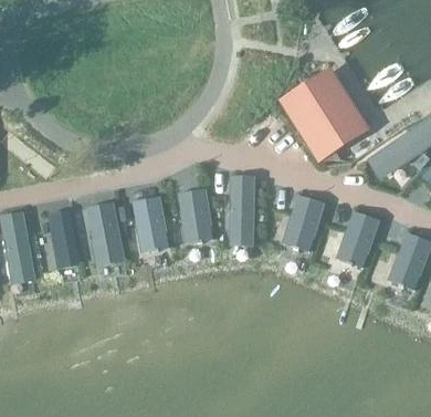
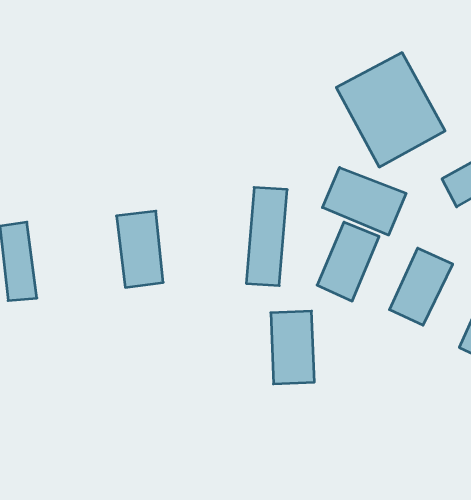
building: none -> [322,167,406,235]
building: [177,187,212,242] -> [271,311,314,384]
building: [86,202,124,265] -> none

